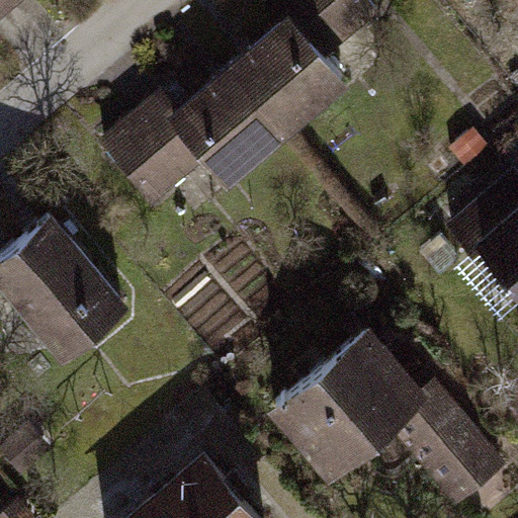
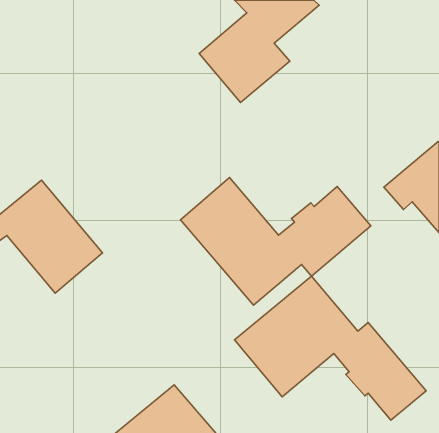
building: [105,72,282,202] -> none
building: none -> [180,178,371,305]

